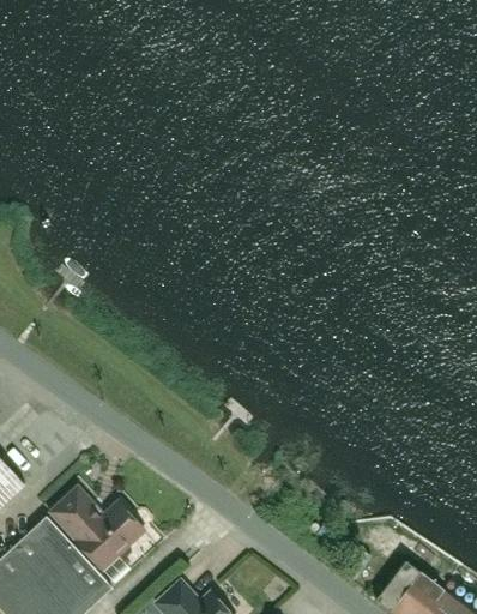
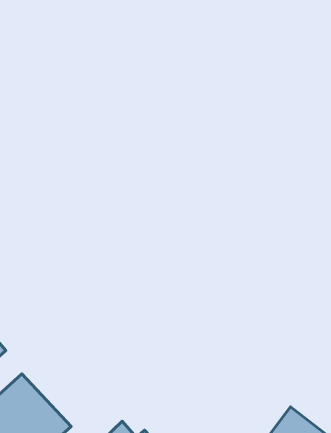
building: [50,488,144,572] -> none

